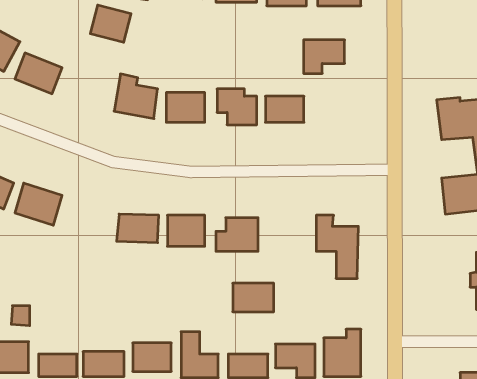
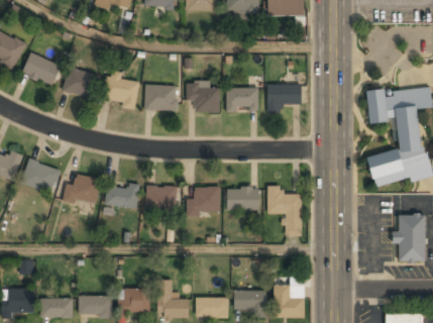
building: [90,5,131,42] -> [63,68,96,98]
building: [304,40,345,73] -> [267,85,301,112]
building: none -> [64,176,101,205]
building: [233,283,274,312] -> [226,188,259,211]

